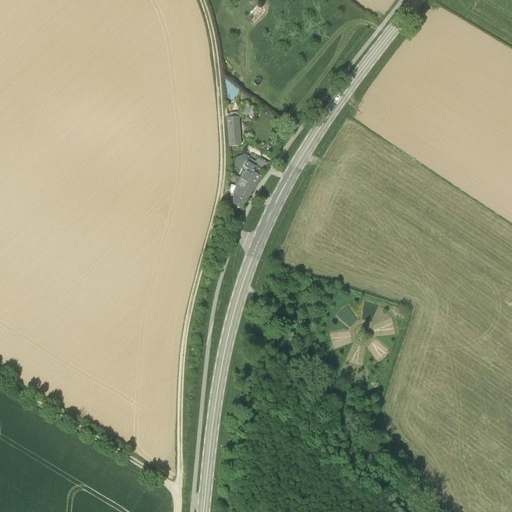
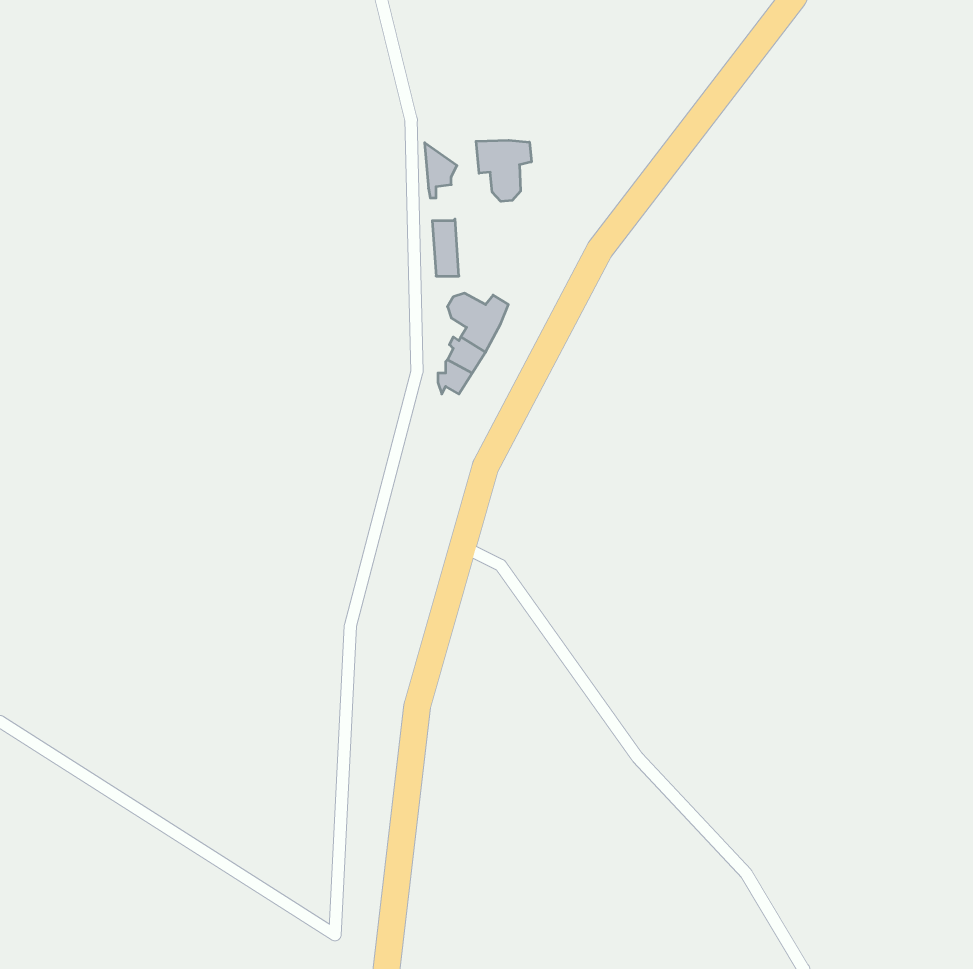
building: none -> [476,140,531,201]

